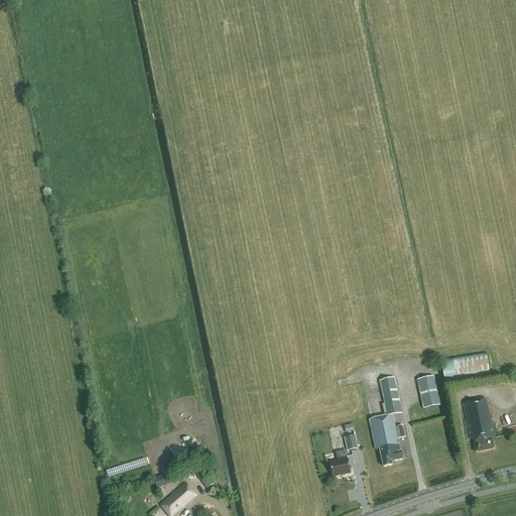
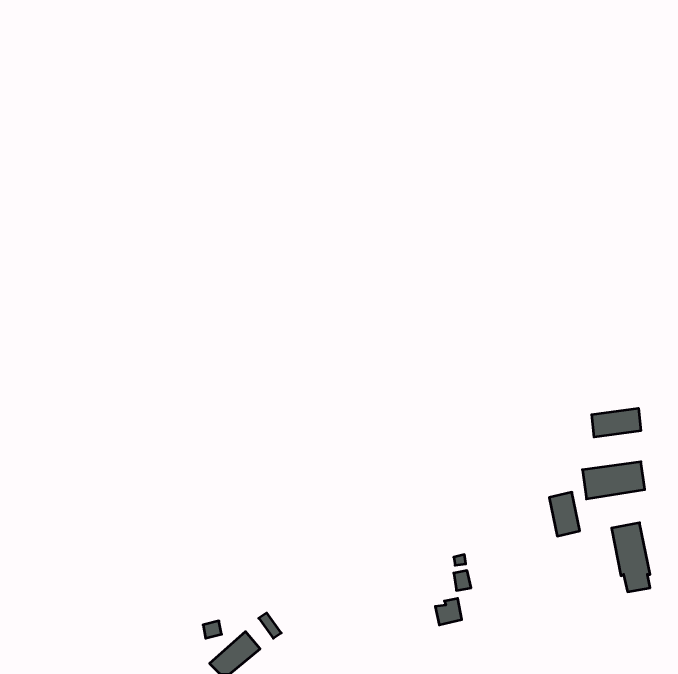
building: none -> [592,408,641,437]
building: [370,376,403,465] -> none

